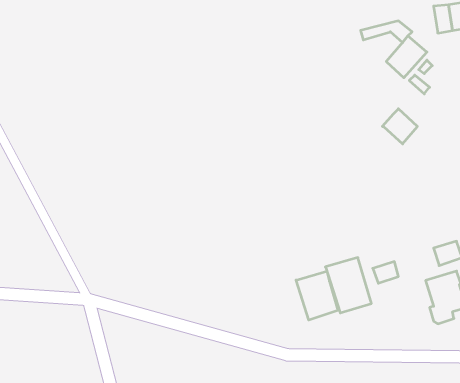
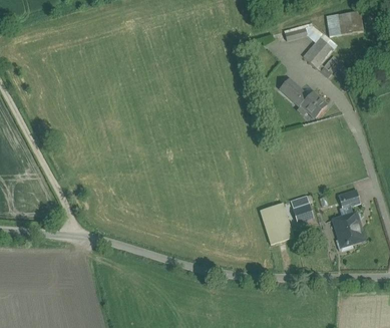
building: none -> [279,77,308,106]
building: [296,271,338,320] -> none

